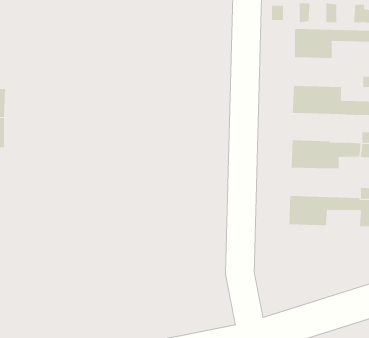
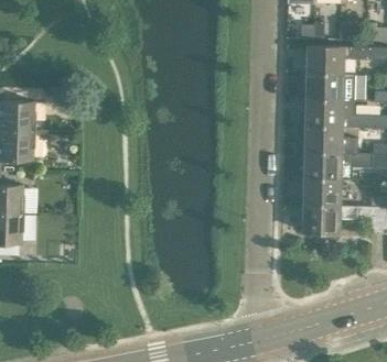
building: none -> [307,74,354,101]
building: none -> [305,127,357,154]
building: none -> [303,178,341,206]

